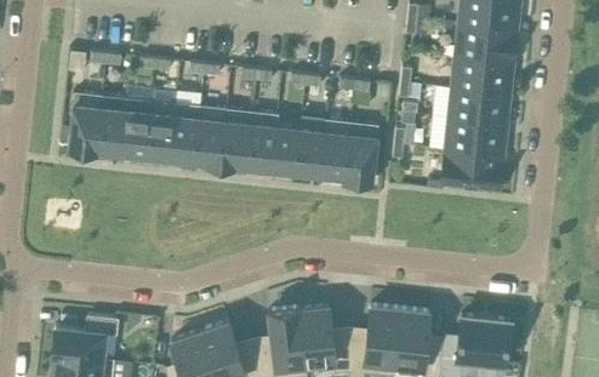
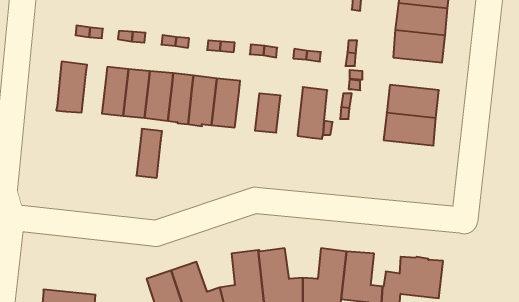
building: [449,88,508,126] -> none
building: [97,97,126,153] -> [136,129,162,178]
building: [319,120,349,177] -> none
building: [272,127,300,172] -> none
building: [52,316,118,359] -> none

